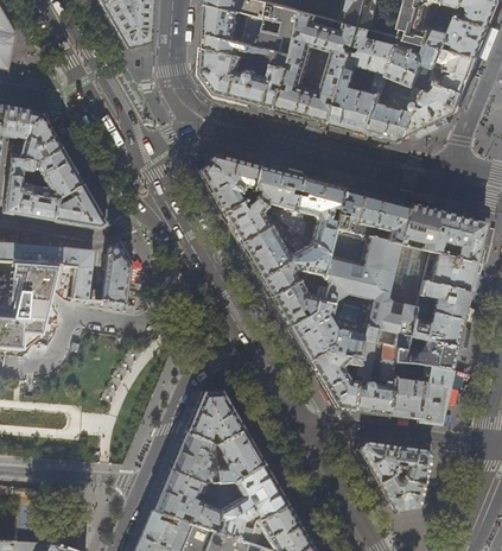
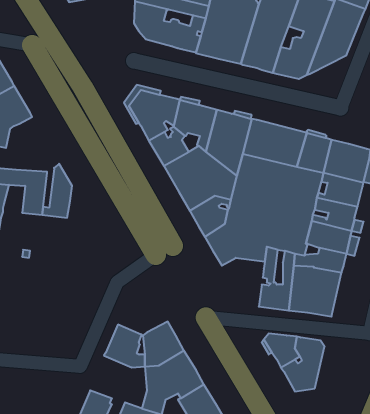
building: [51,184,104,229] -> none
building: [307,352,358,410] -> none
building: [184,388,243,443] -> none
building: [151,468,218,531] -> none

